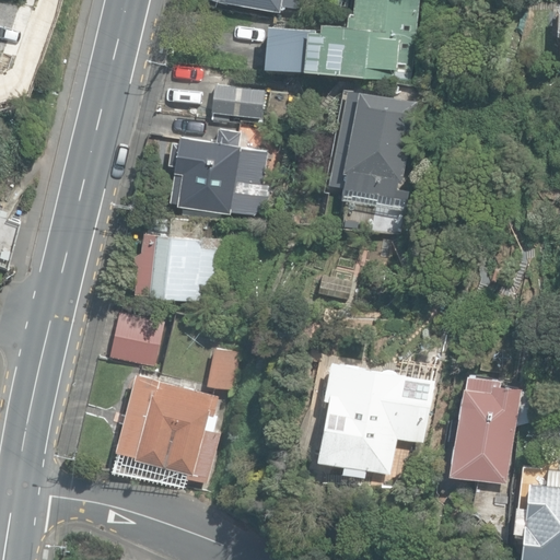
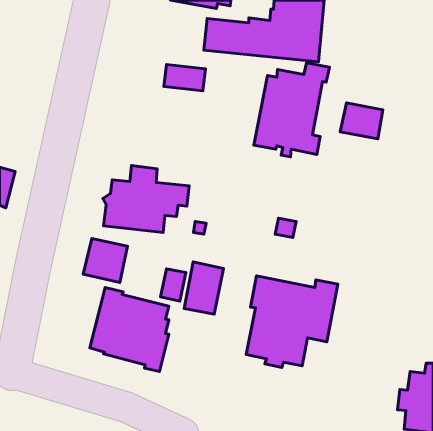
building: [168,130,270,217] -> none
building: none -> [340,103,383,139]
building: none -> [184,262,223,314]
building: [447,374,521,483] -> none

